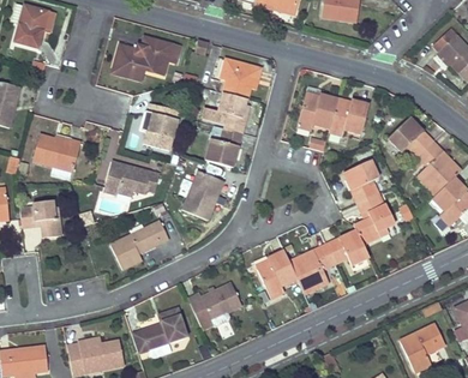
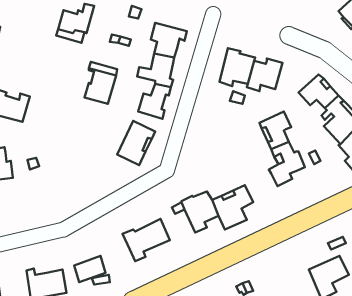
building: [146,40,180,76] -> none
building: [103,162,160,197] -> none
building: [109,221,168,270] -> none
building: [326,230,370,265] -> none
building: [158,308,187,343] -> none

